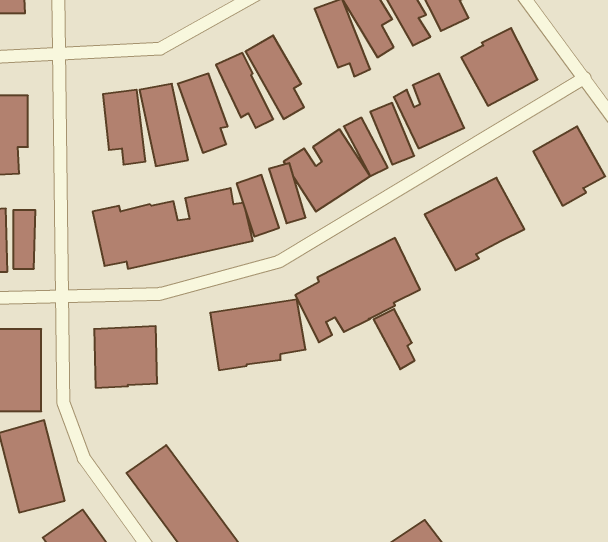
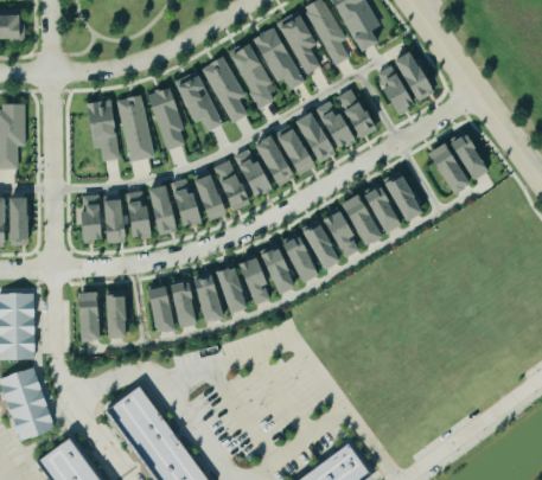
building: none -> [228,43,278,110]
building: [374,309,415,369] -> [325,209,358,257]
building: none -> [151,287,177,333]

